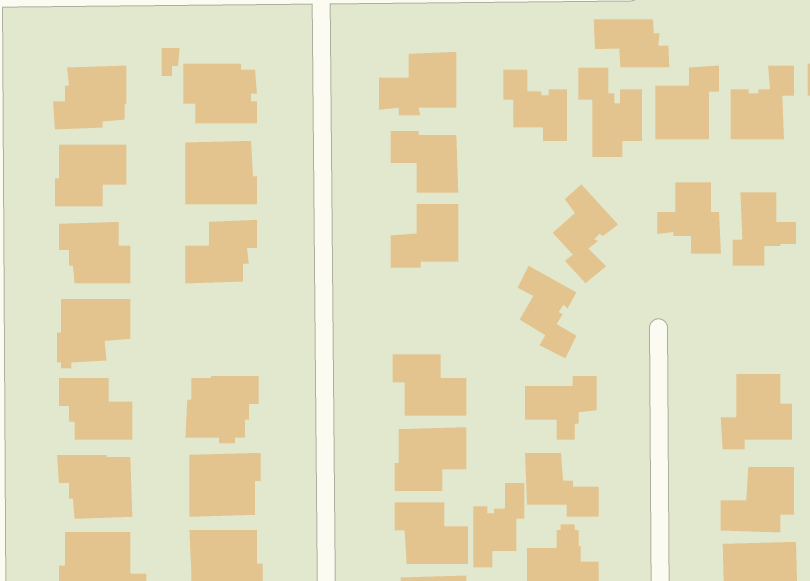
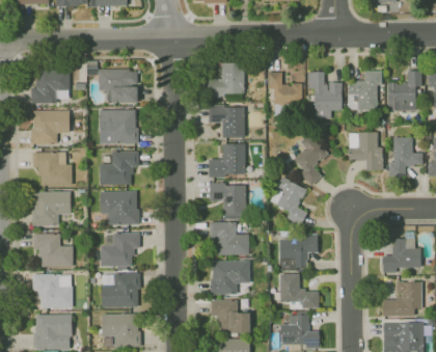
building: [593,19,670,68] -> none
building: none -> [209,181,246,218]
building: none -> [100,191,139,225]
building: [472,482,525,568] -> none

